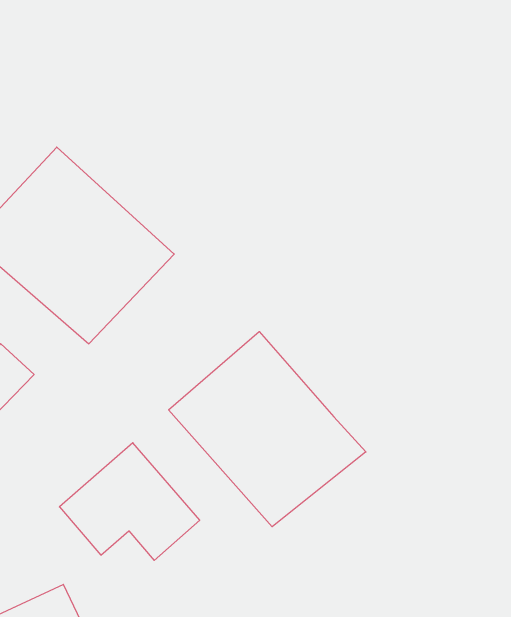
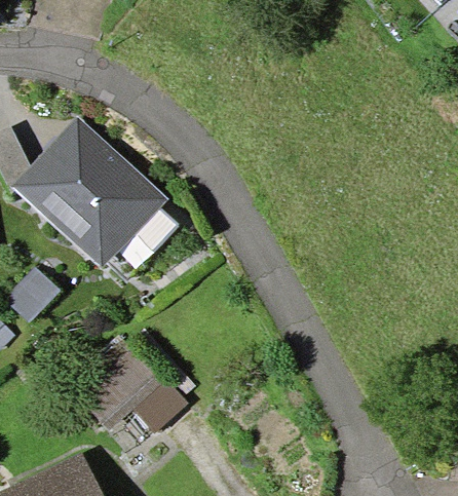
building: [169,332,366,527] -> none

